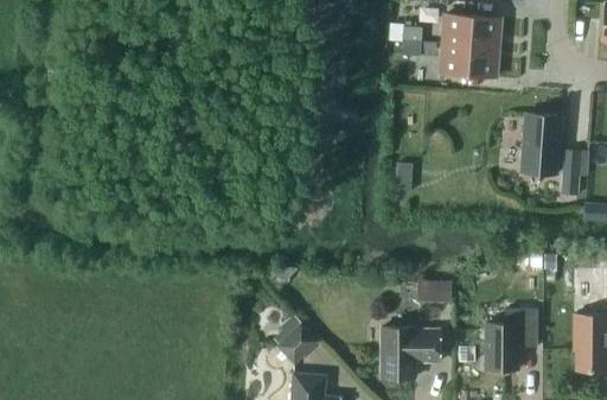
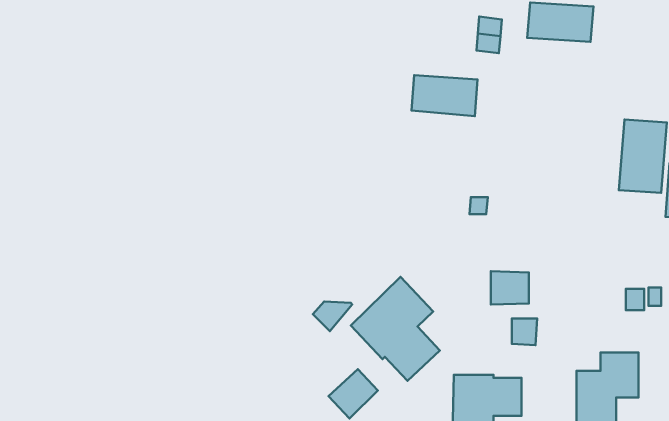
building: [441,44,497,78] -> [411,75,478,116]
building: none -> [491,271,529,304]
building: none -> [351,277,440,381]

